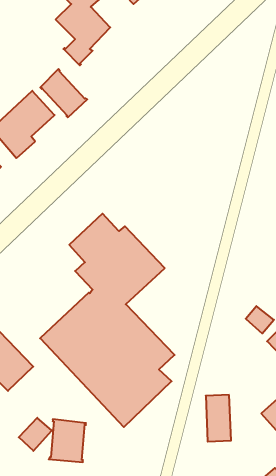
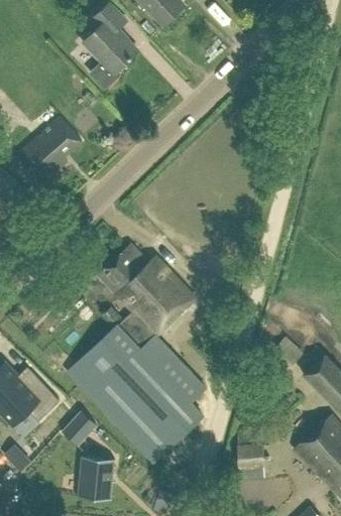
building: [40,69,87,117] -> none
building: [19,418,52,451] -> [62,410,96,444]

